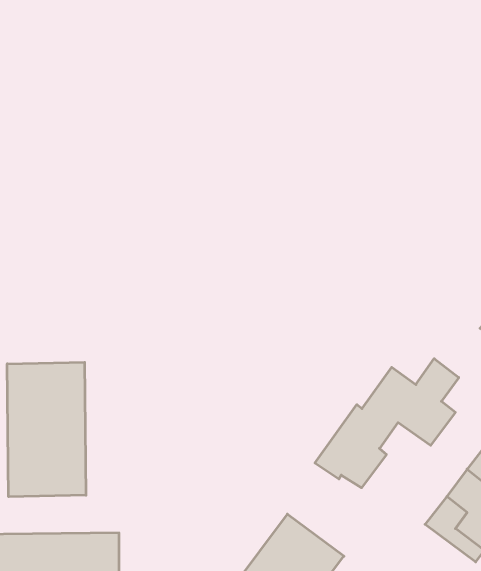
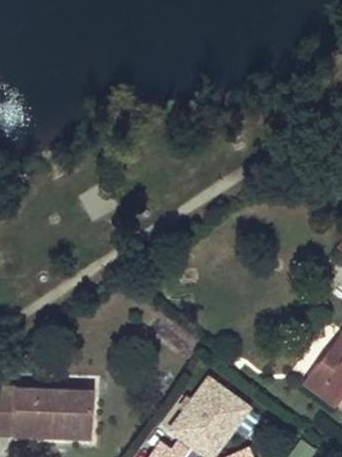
building: [315,359,459,488] -> none
building: [7,362,86,497] -> none

